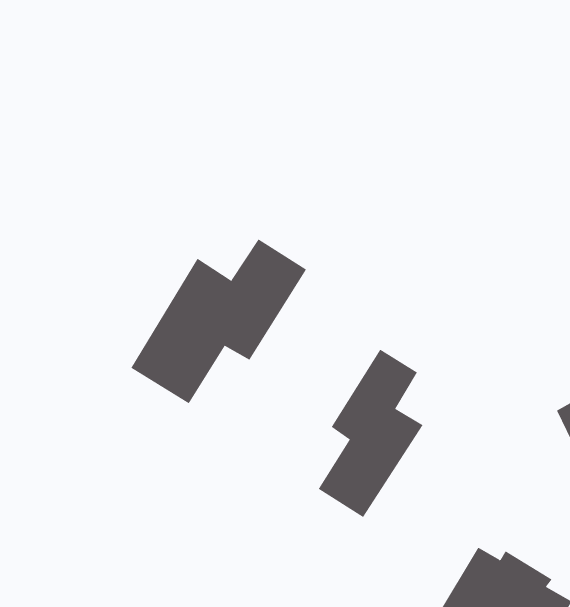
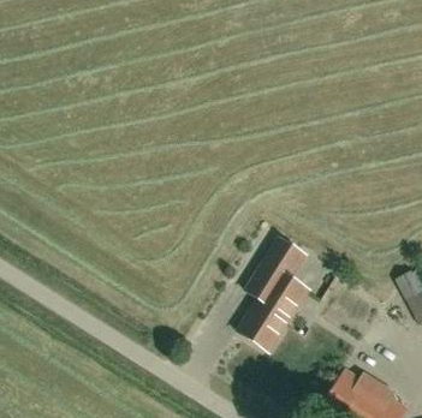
building: [130,239,307,404] -> none

